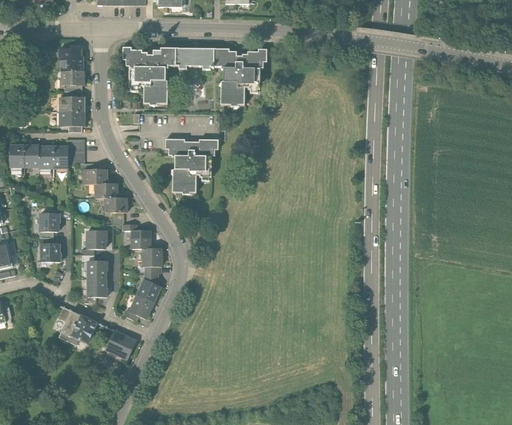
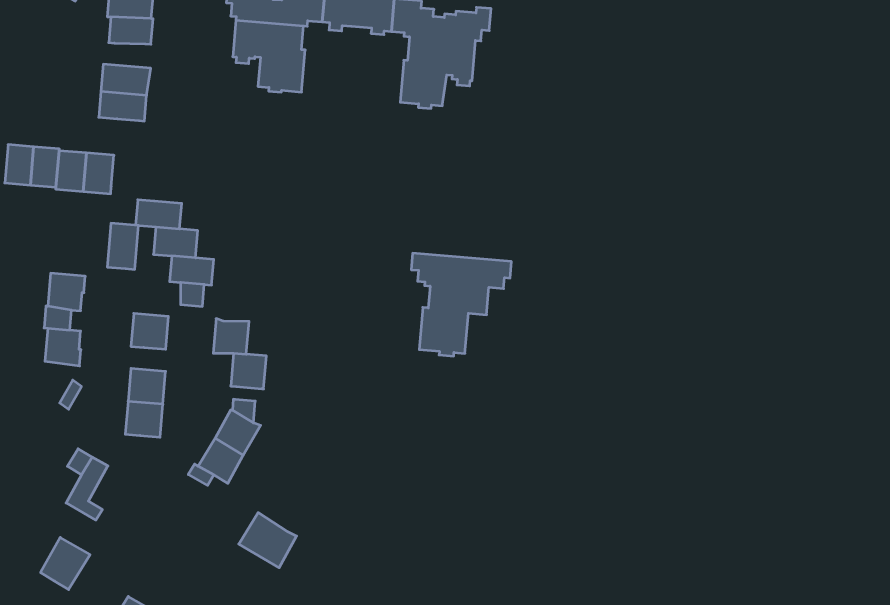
building: [69,139,84,163] -> [107,223,138,269]
building: [164,140,218,194] -> [411,253,511,356]
building: [71,315,97,343] -> [41,537,90,590]
building: [105,330,136,359] -> [239,513,297,568]

